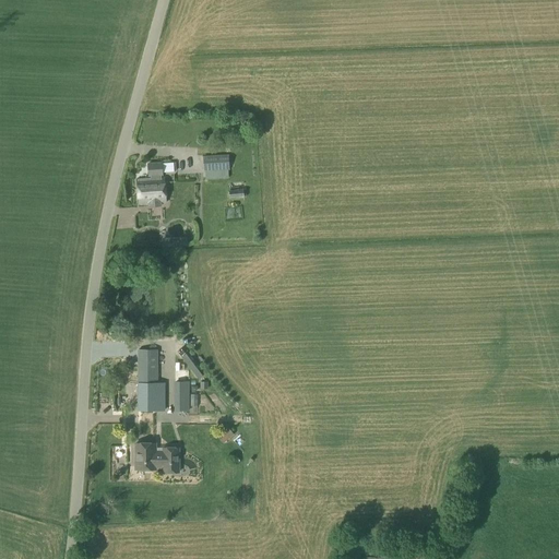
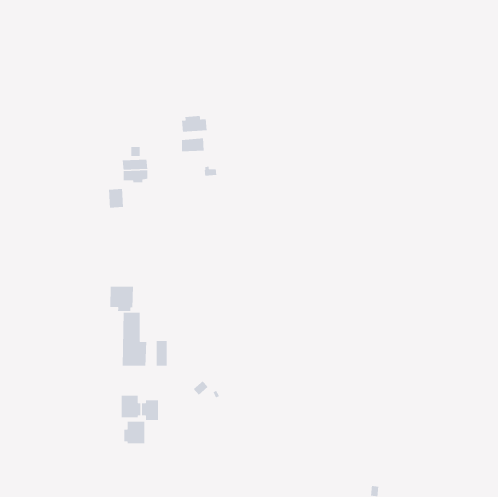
building: none -> [181,115,208,133]
building: none -> [109,286,134,312]
building: none -> [124,421,145,444]

